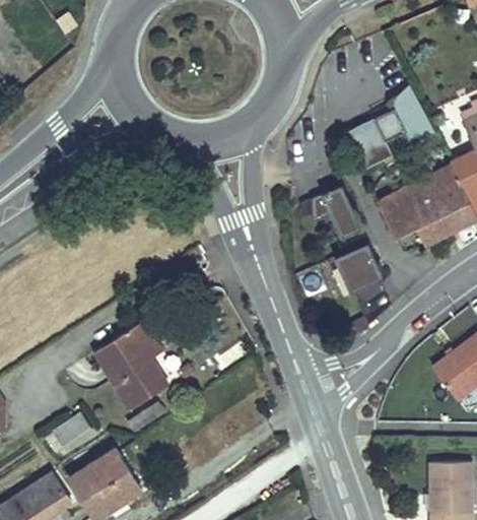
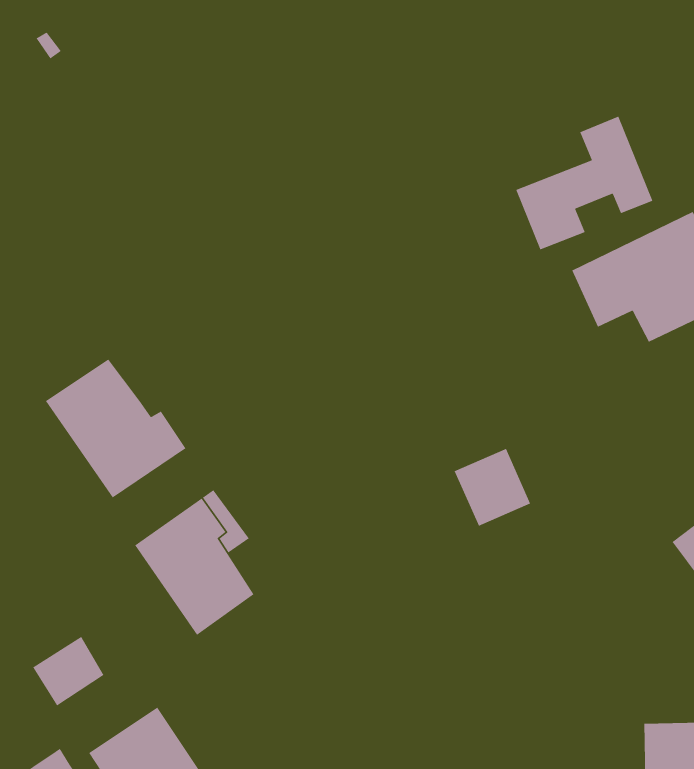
building: [315,183,355,236] -> none
building: none -> [45,358,186,498]
building: [330,242,378,290] -> [454,448,531,527]

